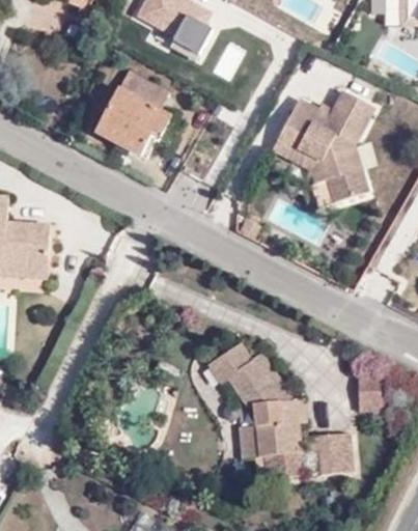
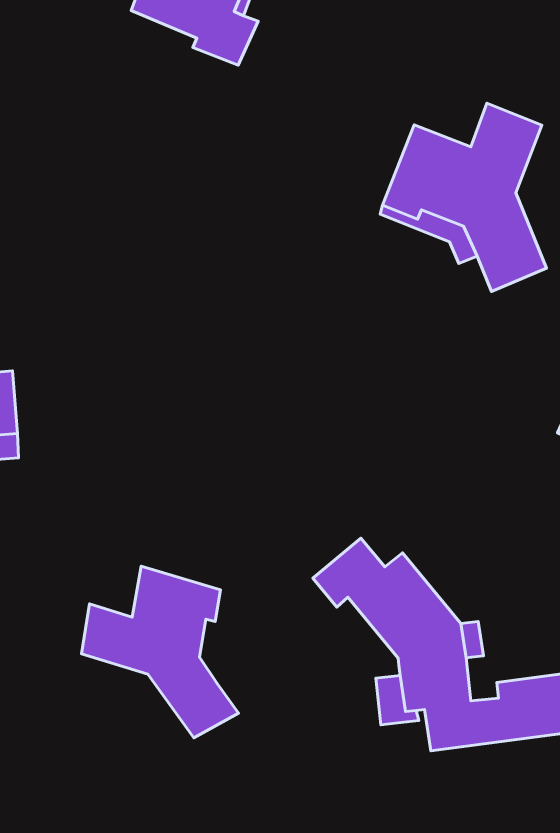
building: [93,73,174,160] -> none
building: none -> [81,566,239,738]

